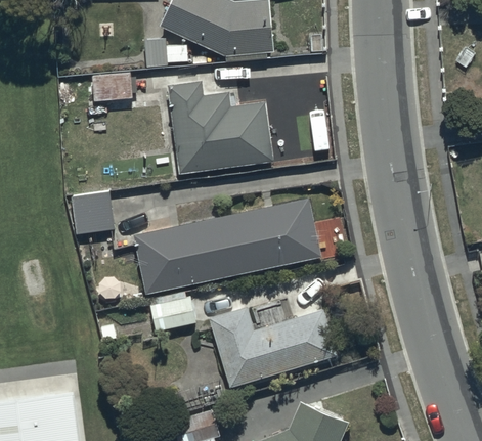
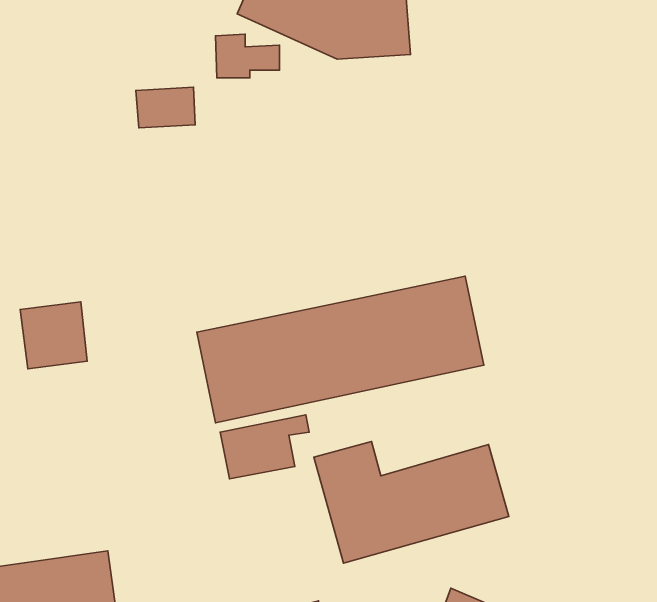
building: [167,82,272,174] -> none
building: [70,191,114,235] -> [20,302,87,369]

